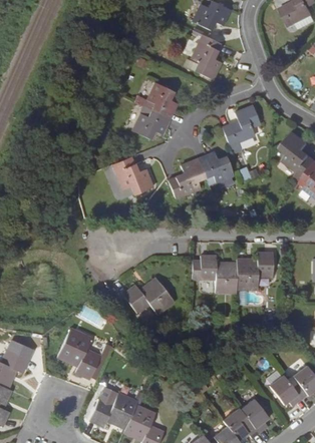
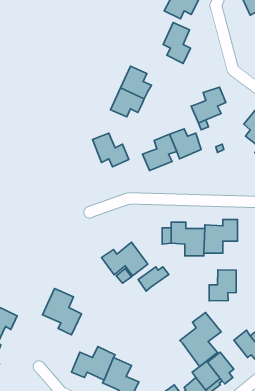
building: none -> [138,267,169,291]
building: none -> [209,270,236,301]
building: none -> [180,313,221,367]

